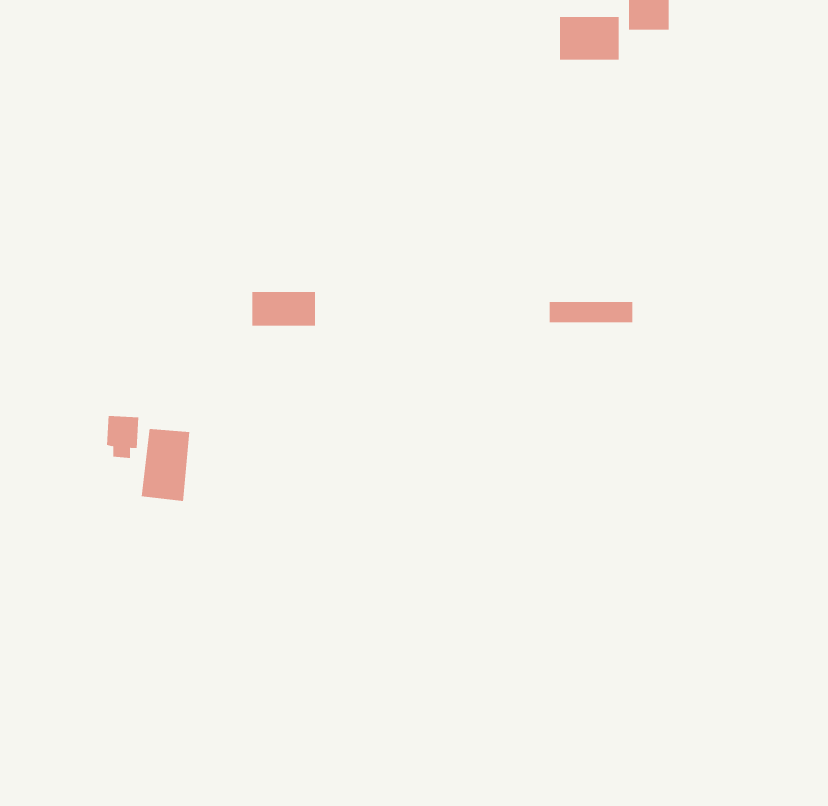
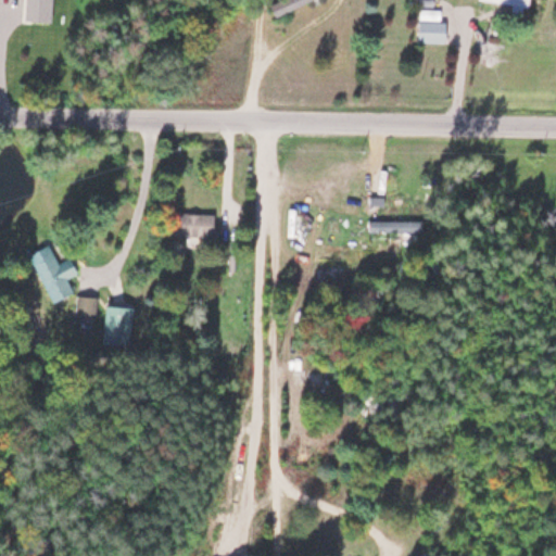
building: [559,16,619,60] -> none
building: none -> [28,244,77,303]

